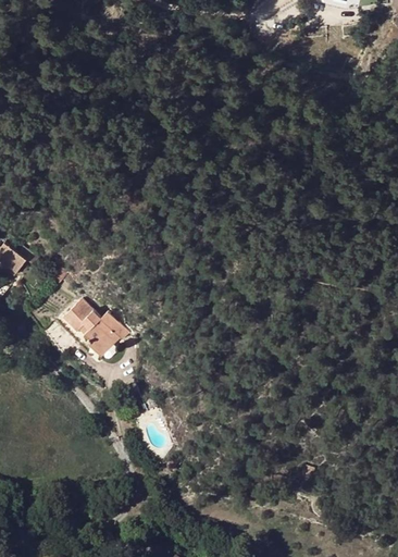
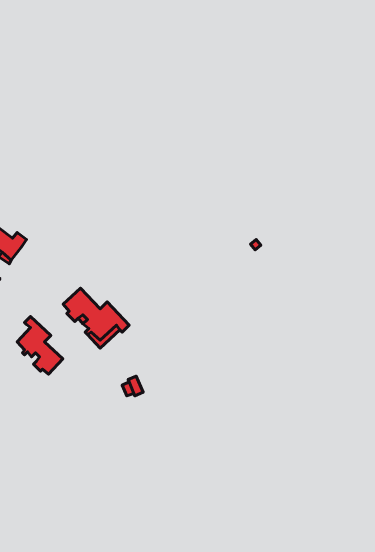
building: none -> [17,316,63,374]

